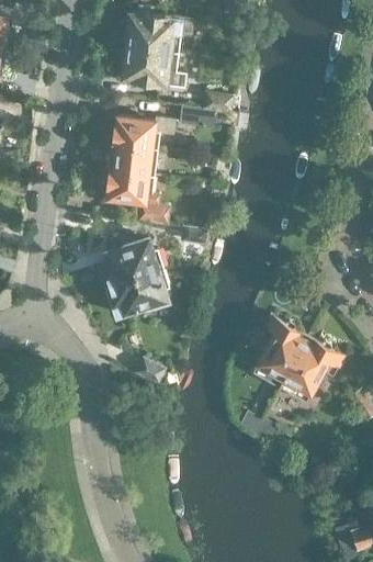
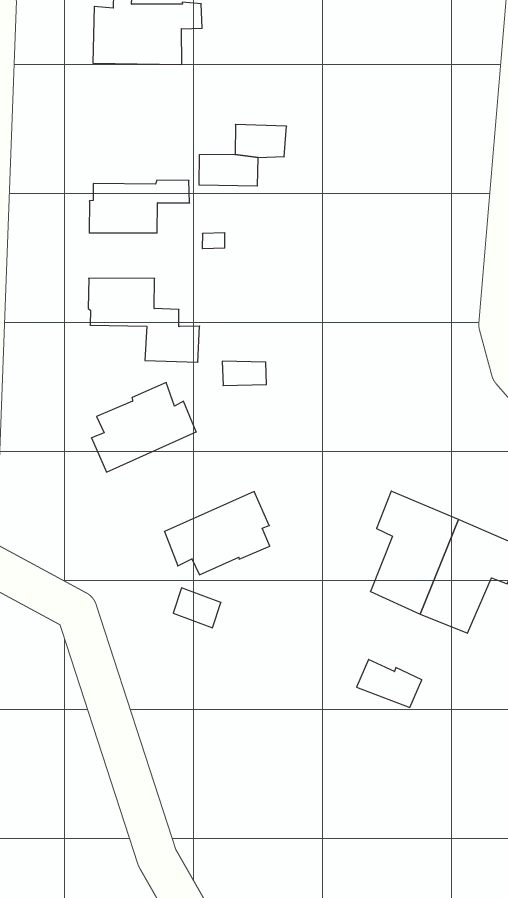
building: [122,47,187,88] -> none
building: [108,146,152,177] -> none
building: [108,269,169,314] -> [164,492,270,575]

